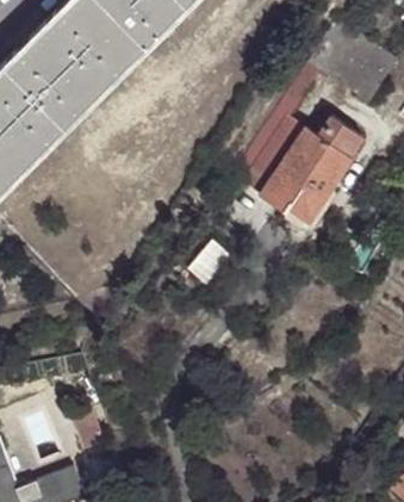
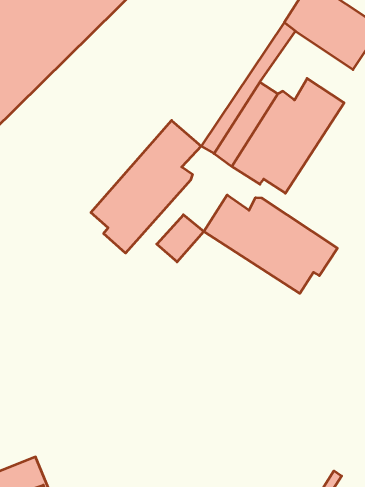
building: none -> [91,120,201,253]
building: none -> [204,195,337,293]

